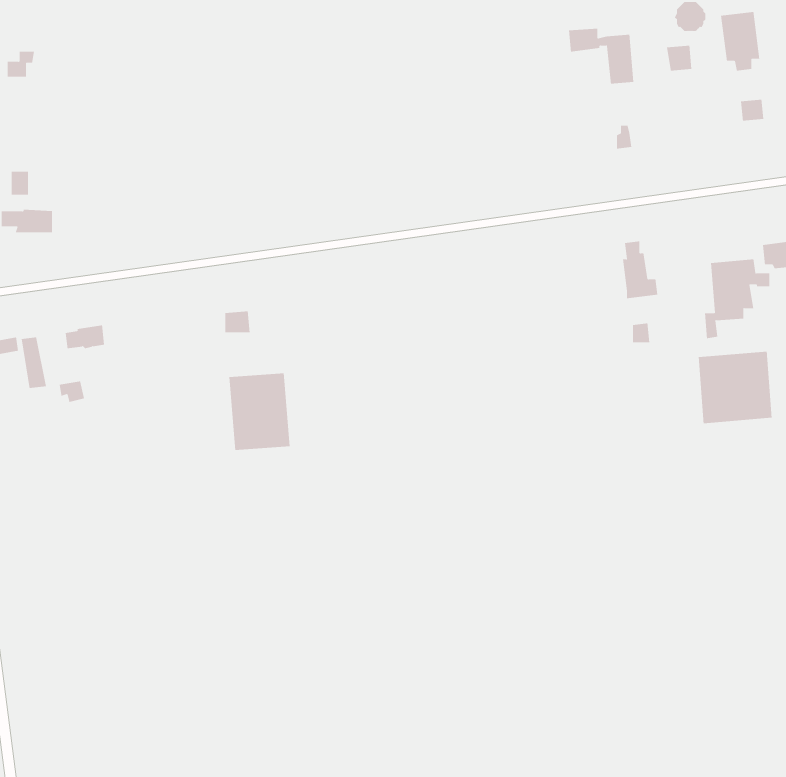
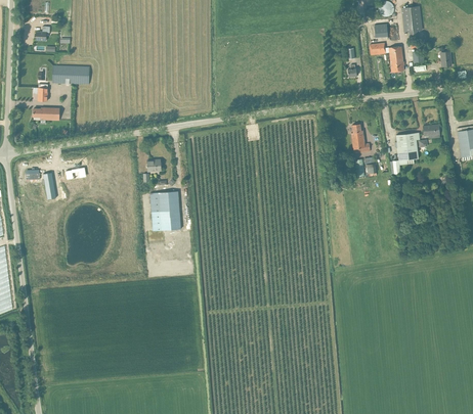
building: [568,28,634,84] -> [370,43,403,72]
building: none -> [52,64,90,84]
building: [698,351,772,424] -> none

